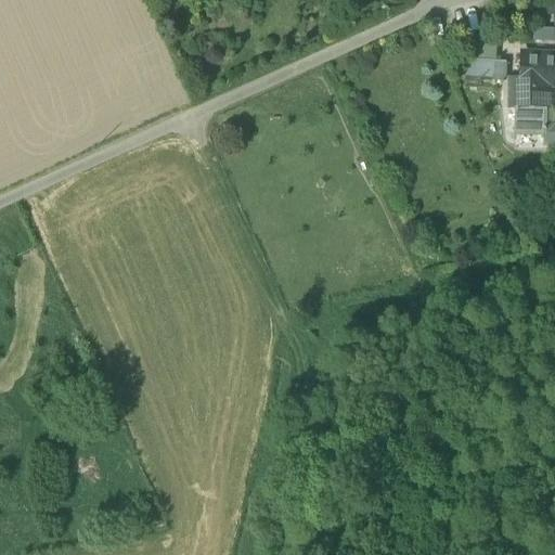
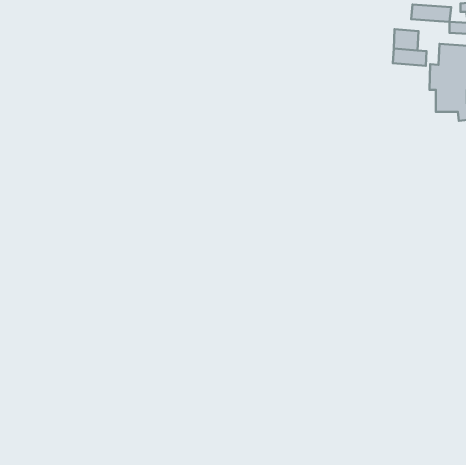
building: none -> [411,4,451,22]

